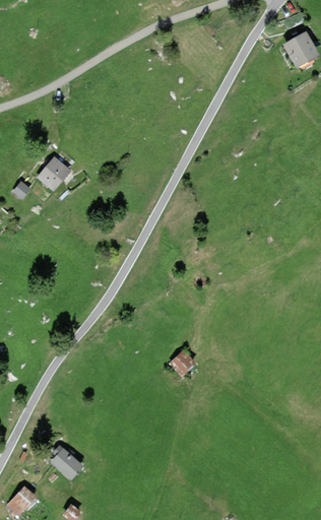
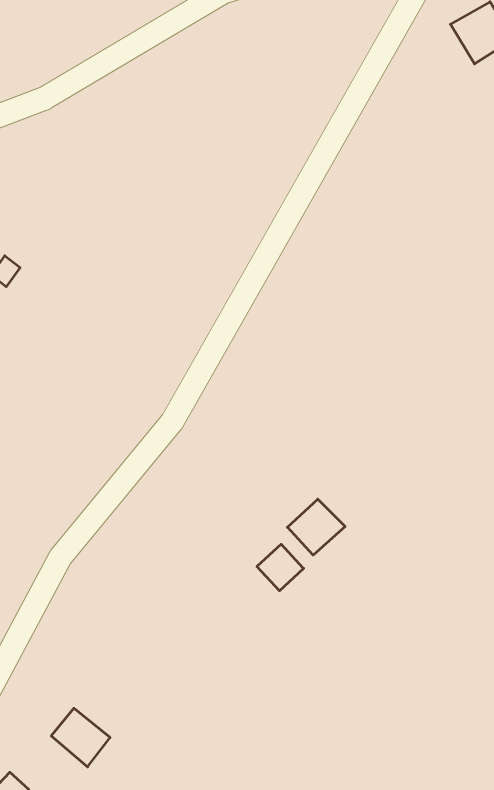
building: [35,153,70,190] -> none
building: none -> [287,499,345,555]

